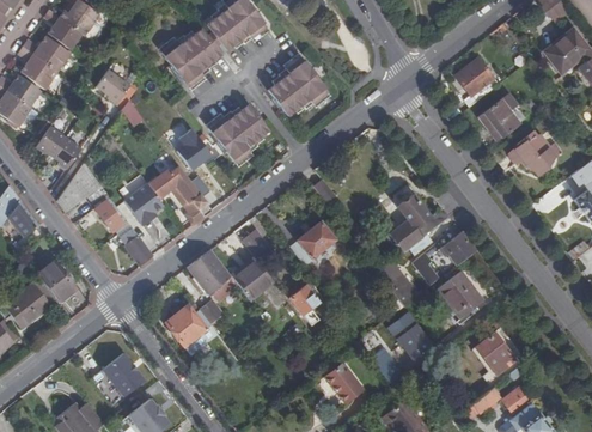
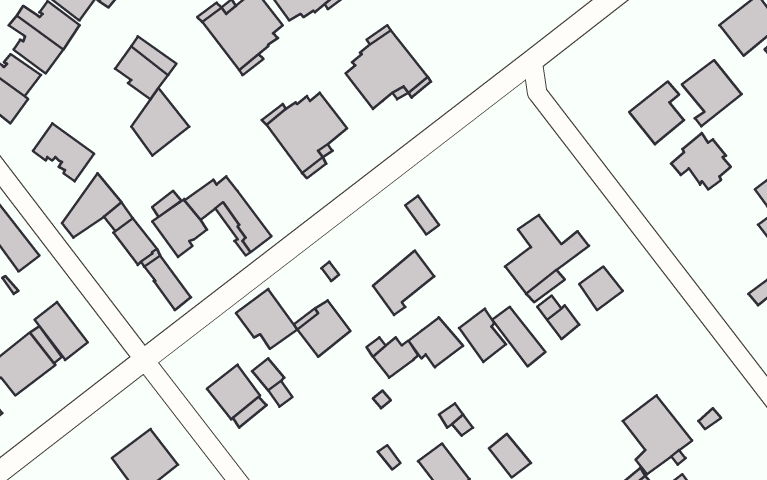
building: [456,59,500,108] -> [682,60,742,126]
building: [177,126,214,169] -> none
building: none -> [408,317,463,367]
building: [437,273,482,327] -> none
building: [386,312,421,352] -> [459,309,506,362]

